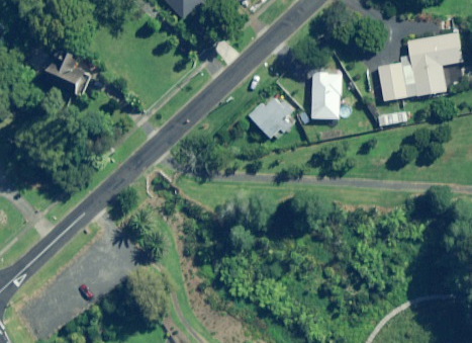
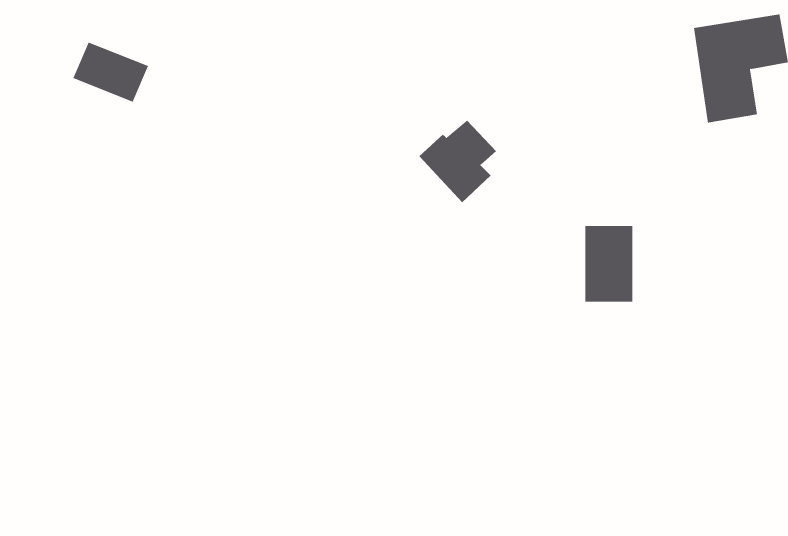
building: [365,55,414,101] -> none
building: [311,74,340,118] -> [585,226,633,302]

